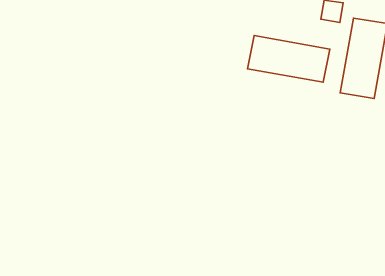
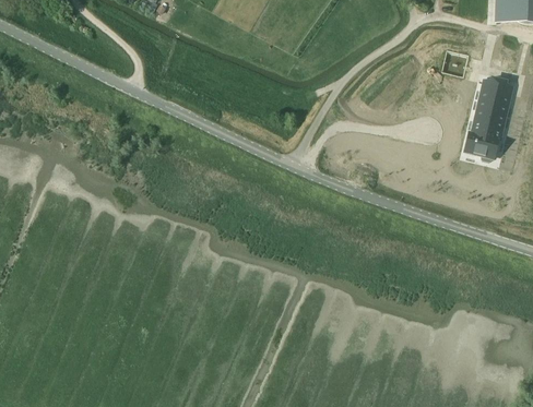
building: [248,36,330,82] -> none

